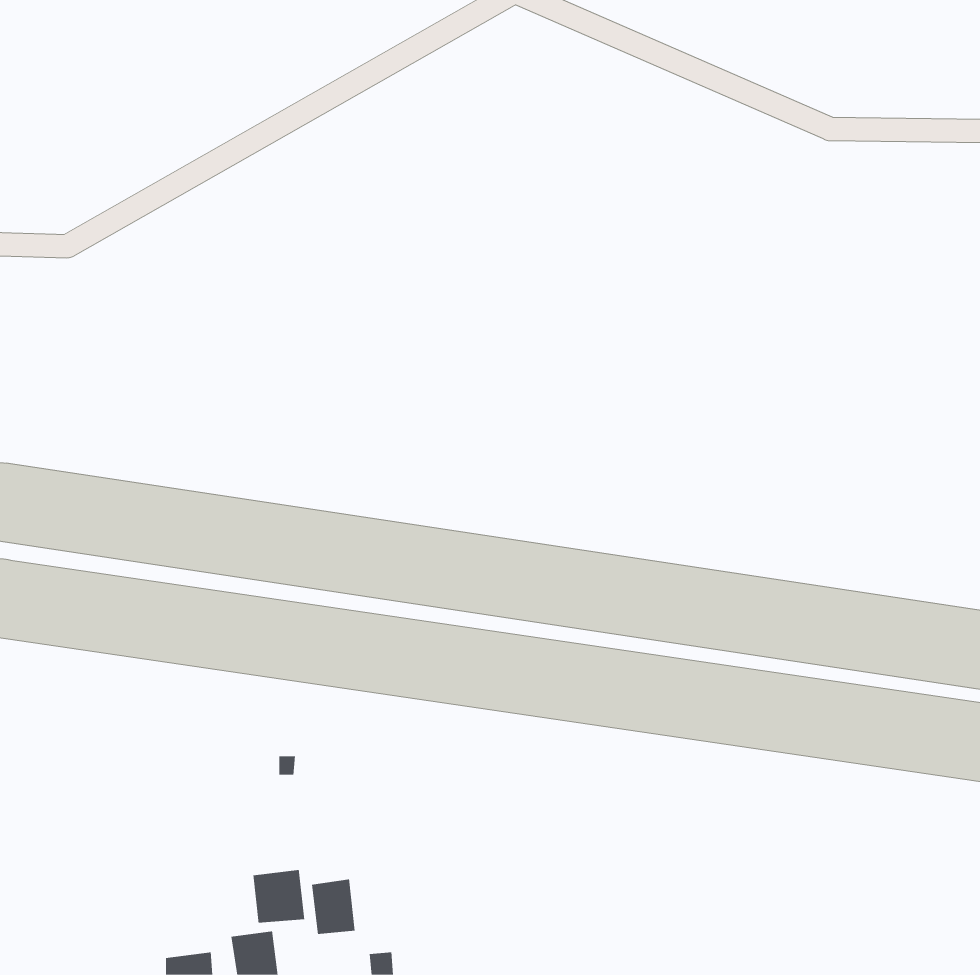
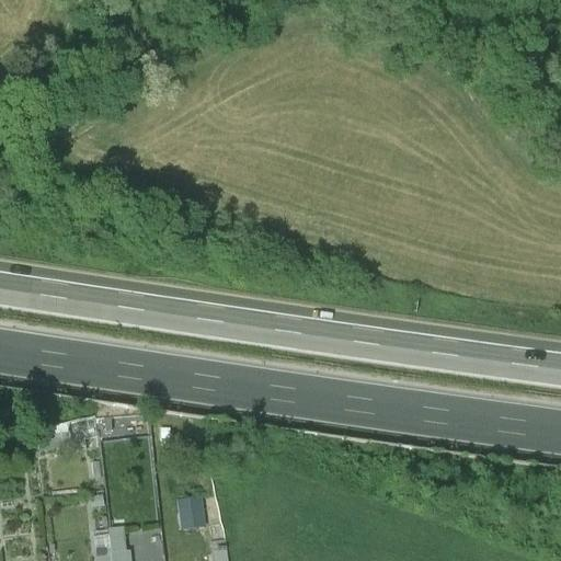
building: [253,869,305,924] -> none

